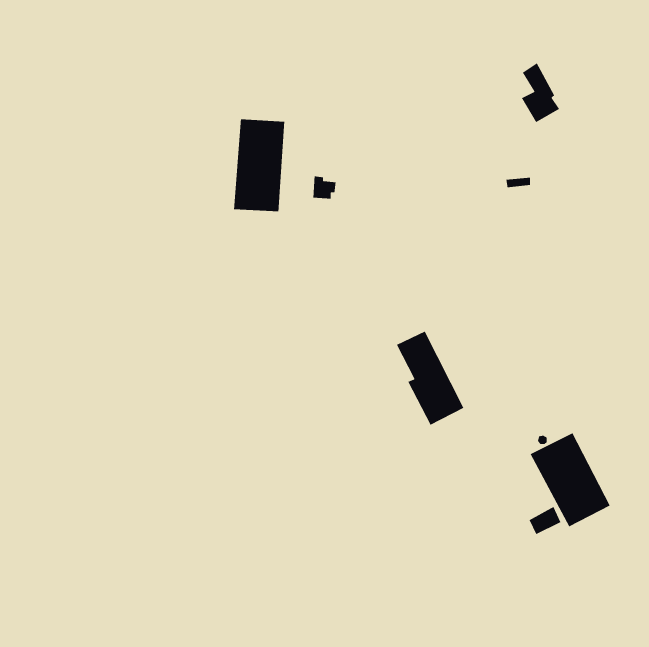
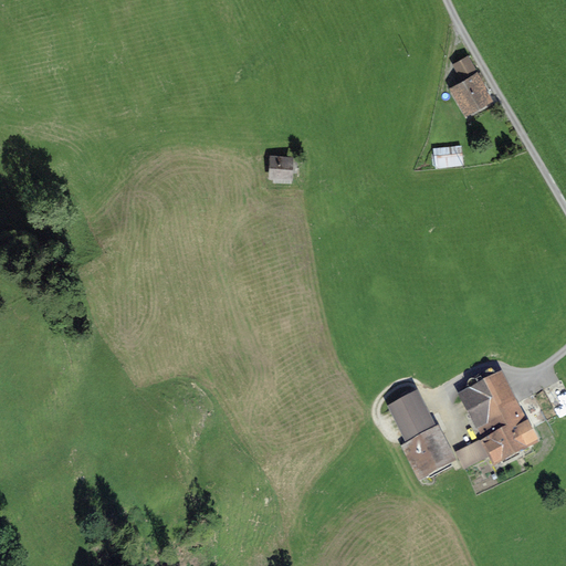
building: [233,118,285,212] -> none
building: [396,331,464,426] -> [391,395,451,478]

